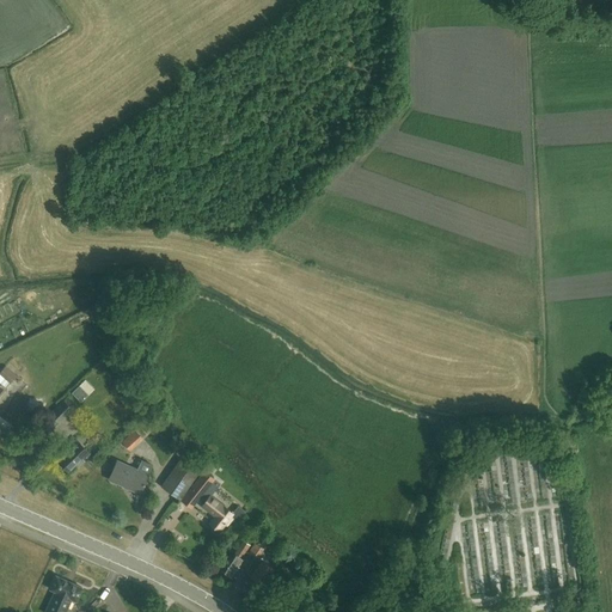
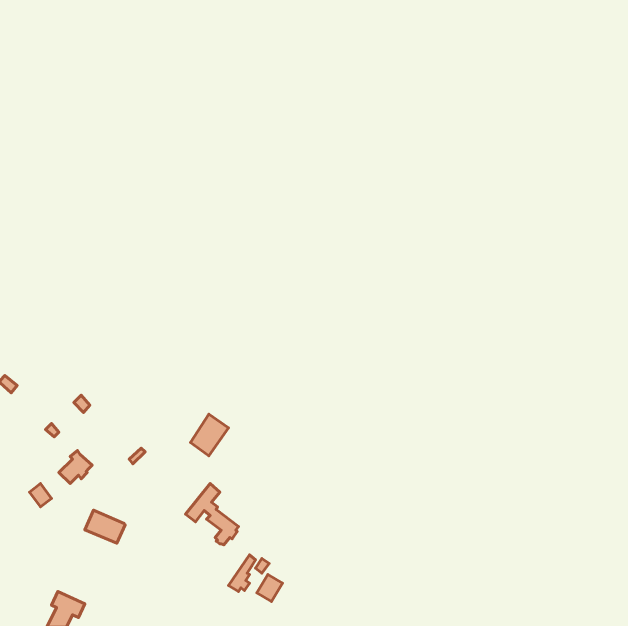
building: [161,459,198,500] -> [190,414,229,456]
building: [109,461,148,494] -> [85,510,125,543]

